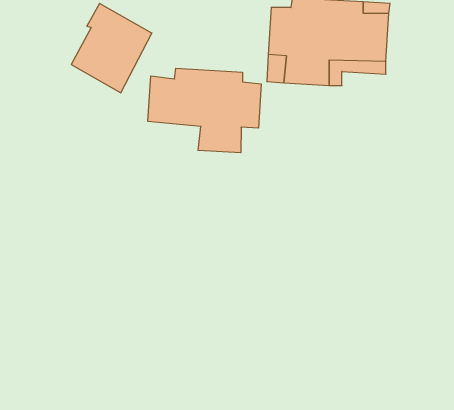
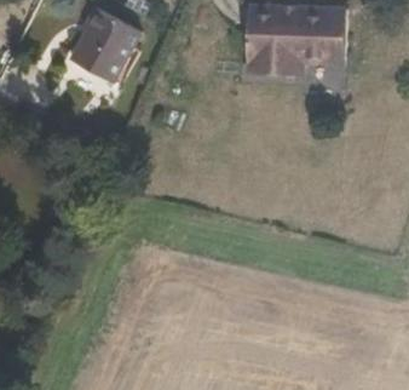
building: [148,68,261,153] -> none

